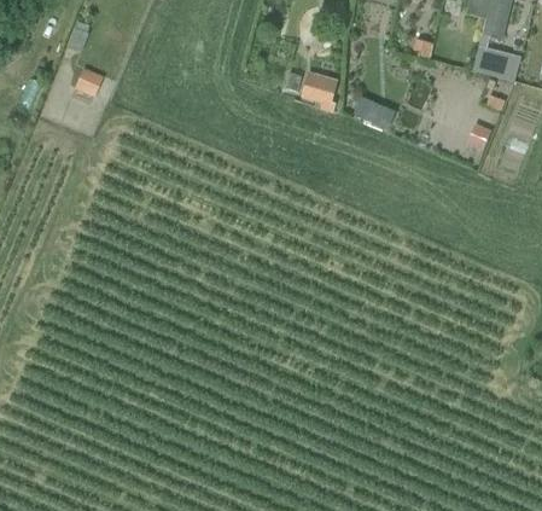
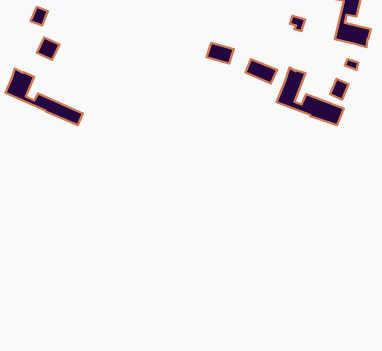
building: none -> [277,68,344,125]
building: none -> [5,68,83,125]

